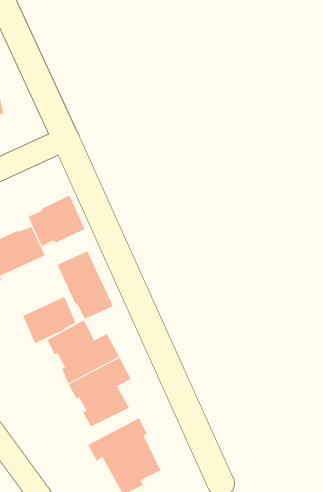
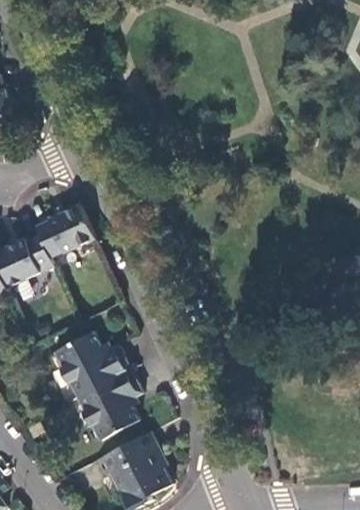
building: [57,251,114,319] -> none
building: [22,296,76,344] -> none

